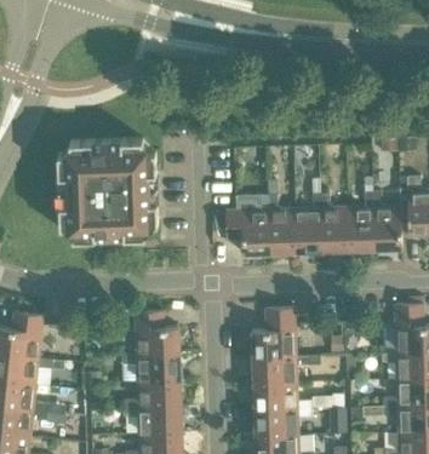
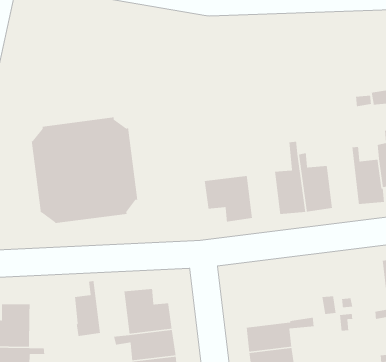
building: [267,182,296,254] -> none
building: [348,192,374,252] -> none
building: none -> [74,280,101,337]
building: [251,310,296,361] -> none

